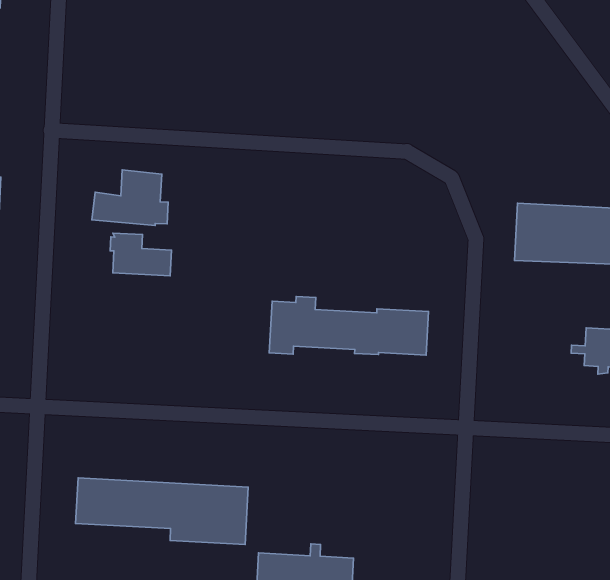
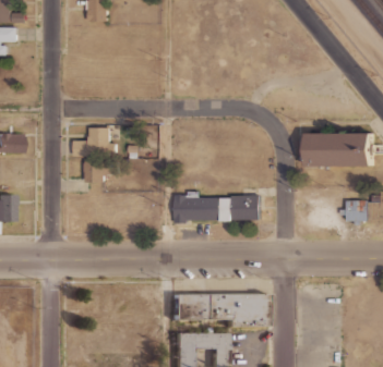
building: [76,478,248,545] -> [176,294,270,326]

